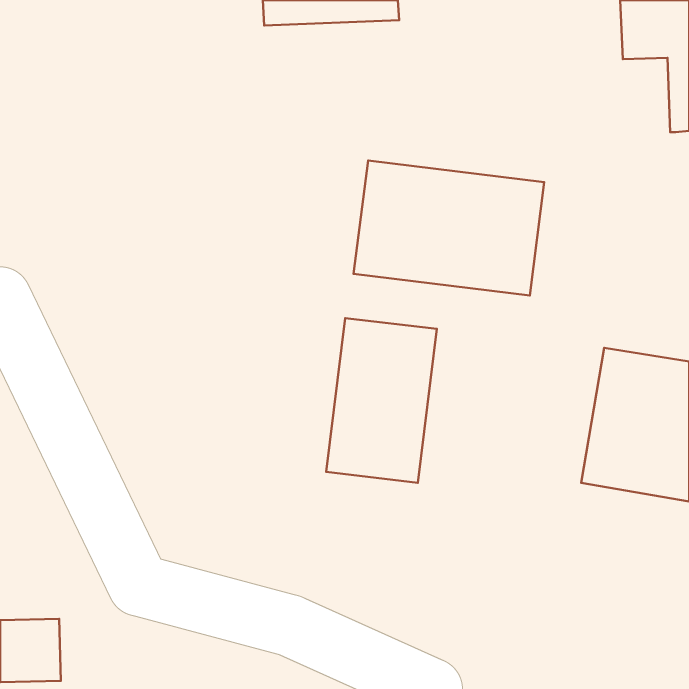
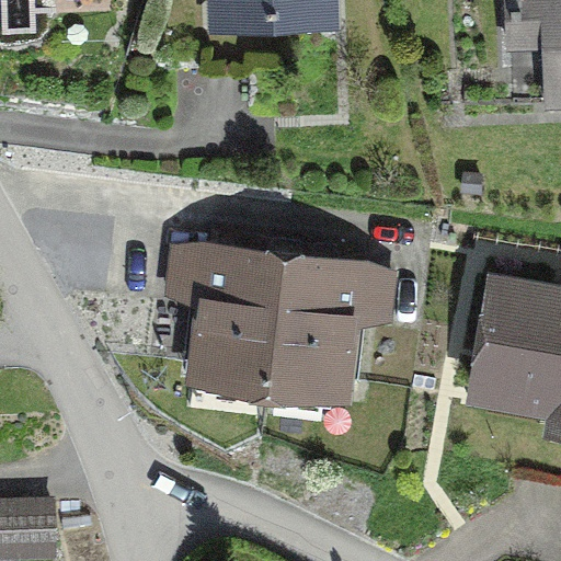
building: [354,161,544,295] -> none
building: none -> [191,250,280,383]

